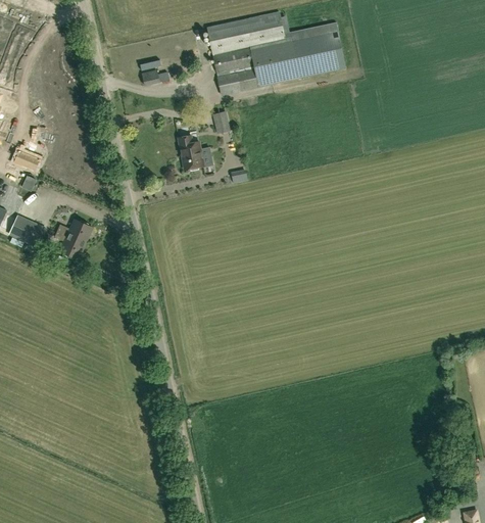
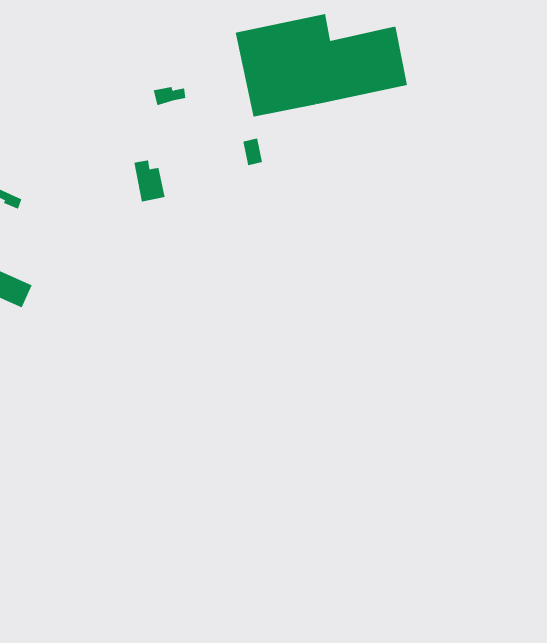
building: [178,135,203,169] -> [134,160,166,202]
building: [54,219,92,258] -> none

